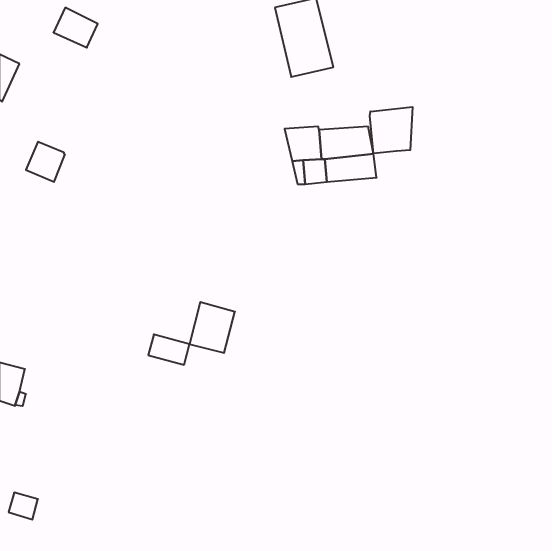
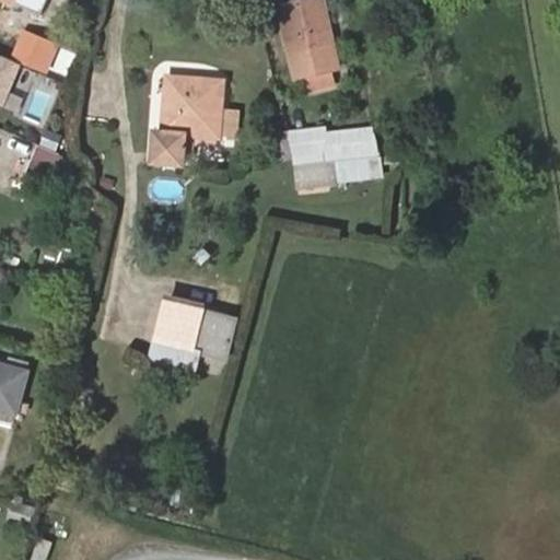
building: [53,8,98,48] -> [12,28,57,69]
building: none -> [151,77,223,163]
building: [370,107,413,154] -> none
building: none -> [155,296,202,348]

